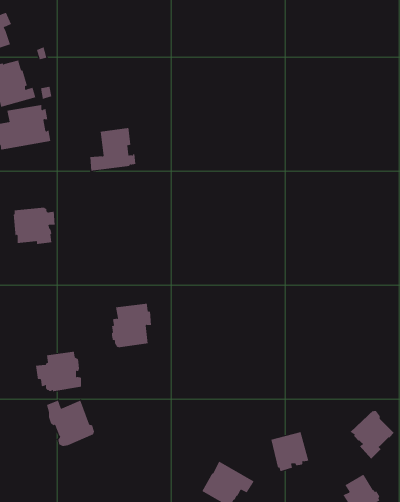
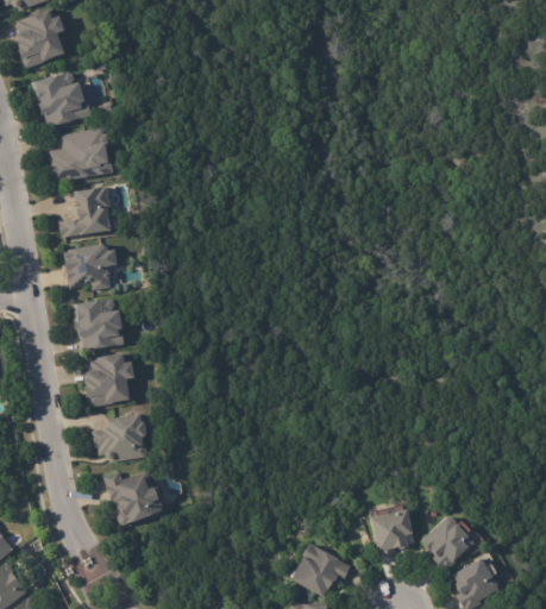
building: [90,127,136,171] -> [61,182,115,233]
building: none -> [75,299,124,351]
building: [111,303,152,348] -> [84,353,132,406]
building: [350,410,395,459] -> [420,514,472,572]

